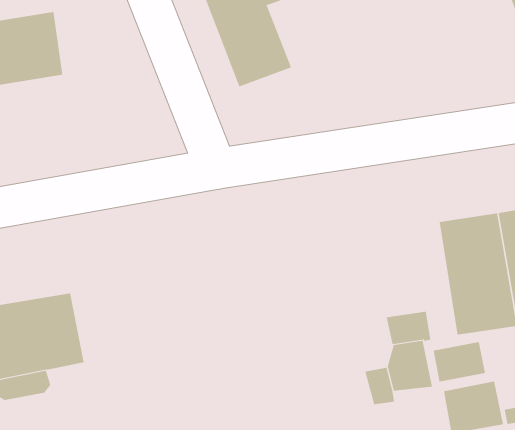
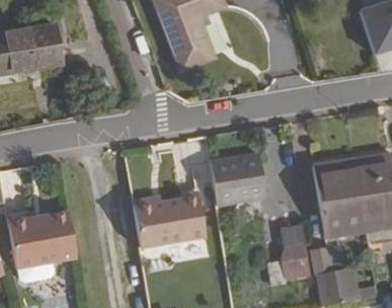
building: none -> [211,153,266,205]
building: none -> [137,196,207,245]

